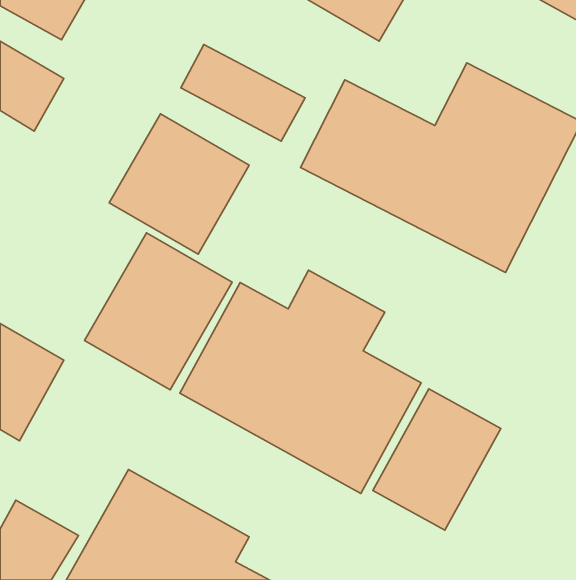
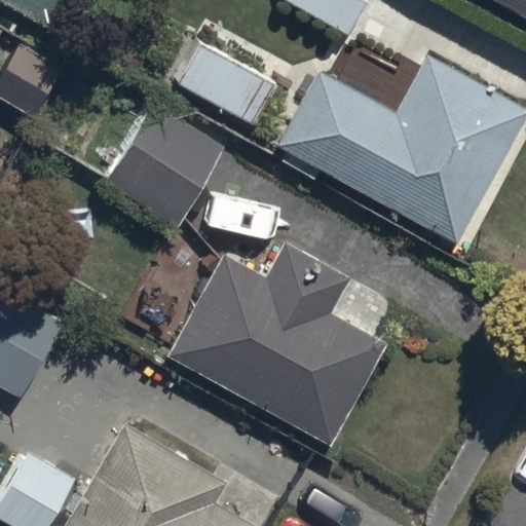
building: [85,233,232,390] -> none
building: [373,389,501,530] -> none

